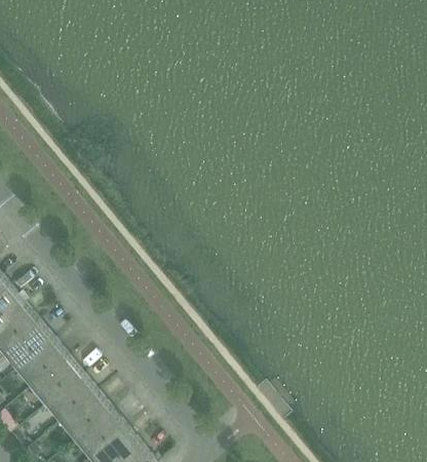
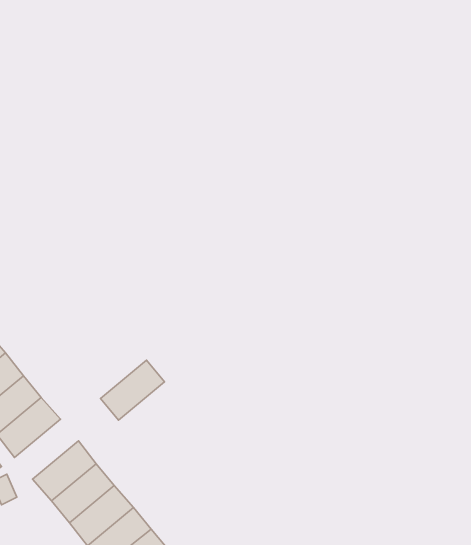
building: [30,353,81,401] -> [101,360,165,420]

